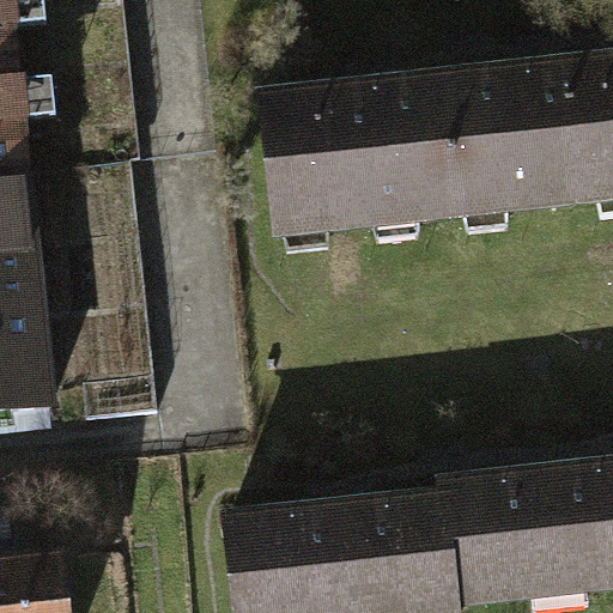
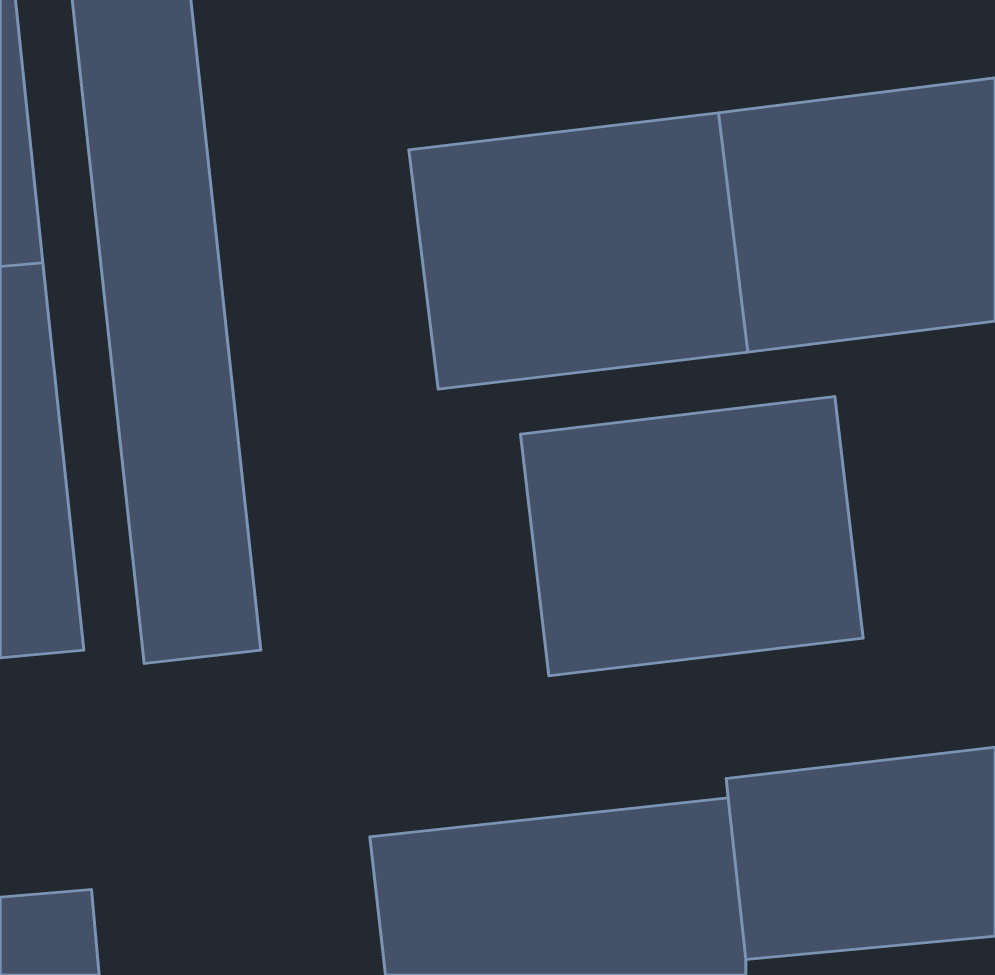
building: none -> [521,396,863,676]

